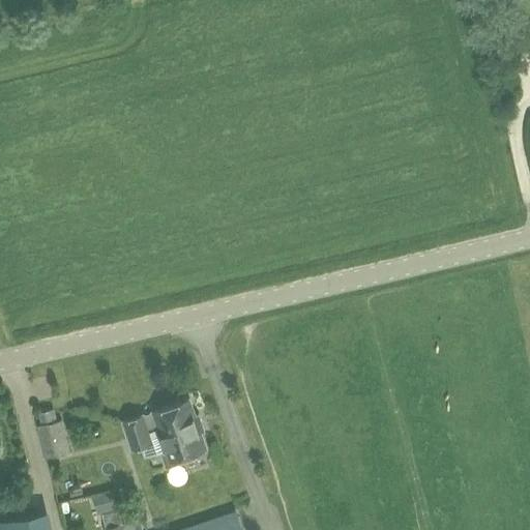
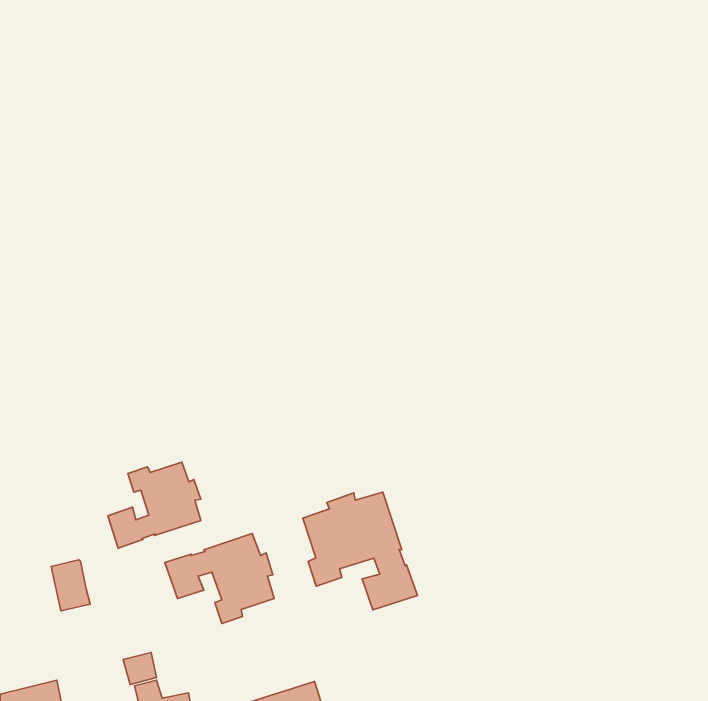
building: none -> [108,462,201,548]
building: none -> [303,492,417,610]

